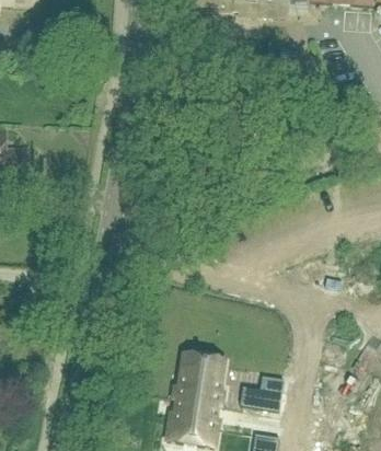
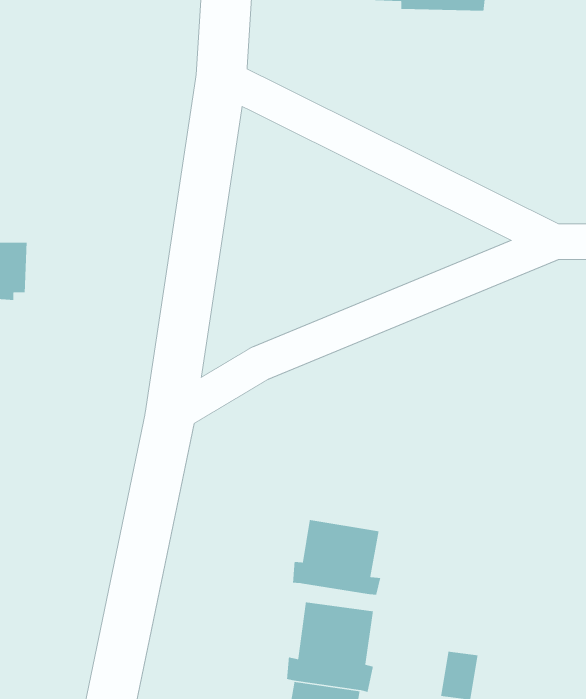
building: none -> [292,519,381,595]

